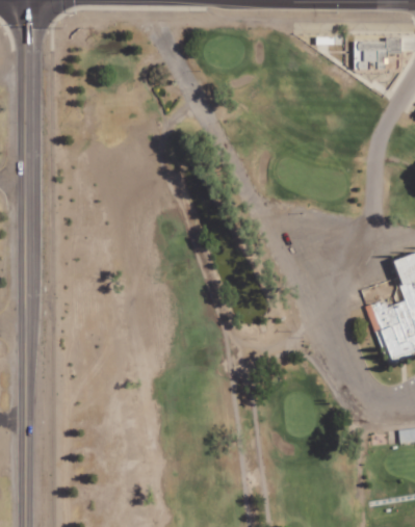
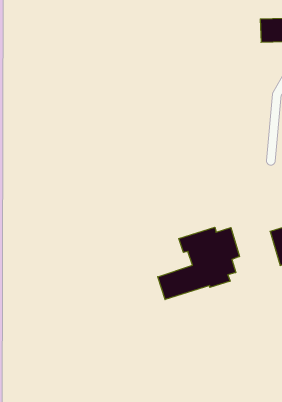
building: none -> [158,227,239,300]

